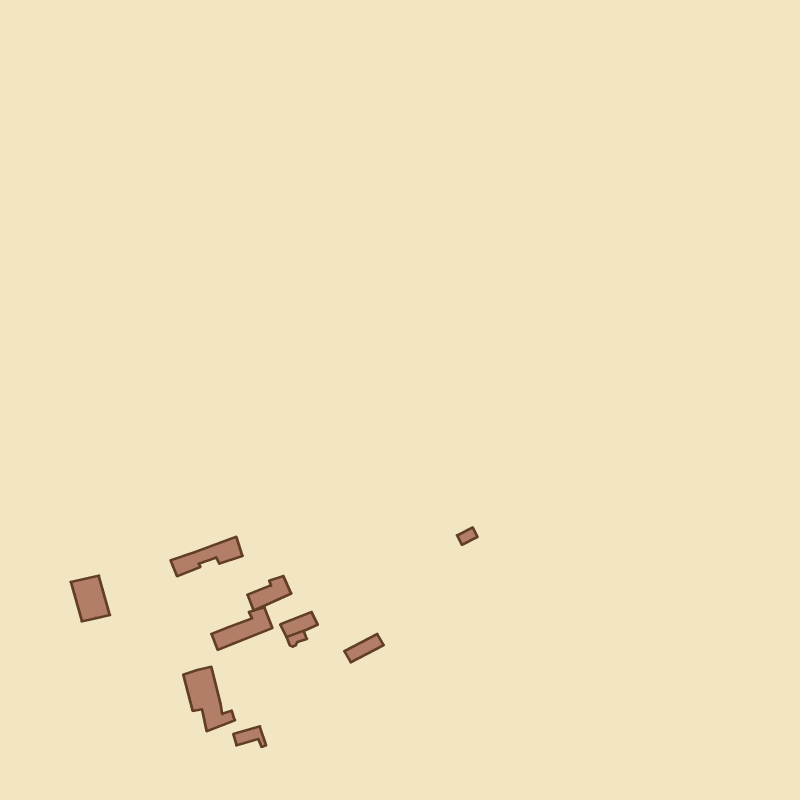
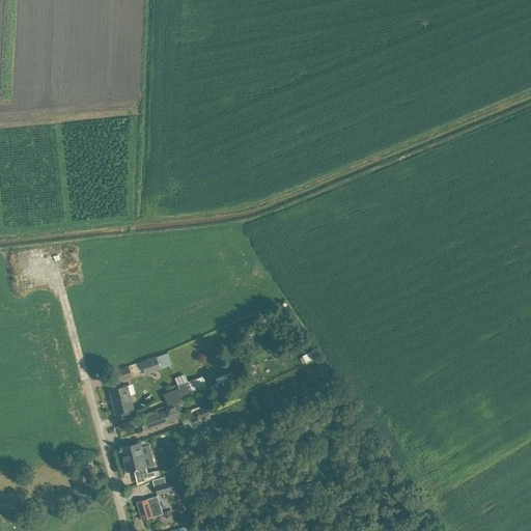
building: [71,576,110,621] -> [109,385,135,415]
building: none -> [137,496,163,520]

